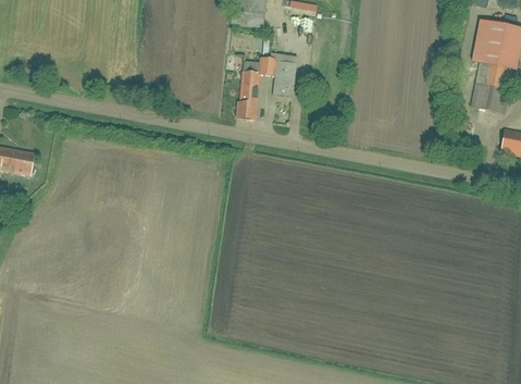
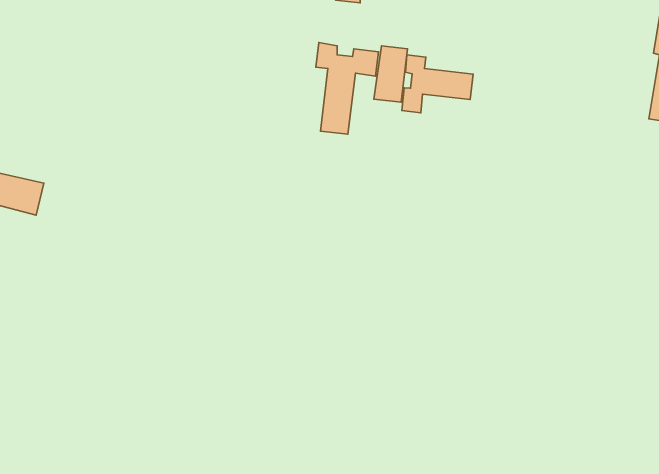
building: none -> [402,55,473,113]

